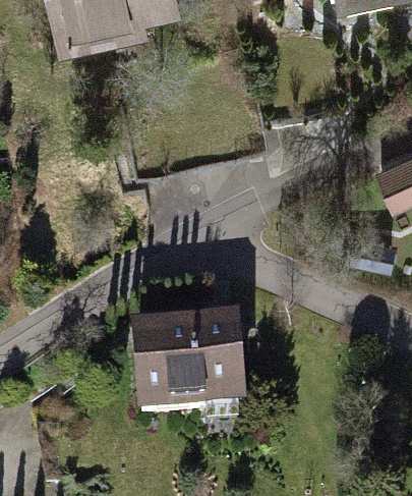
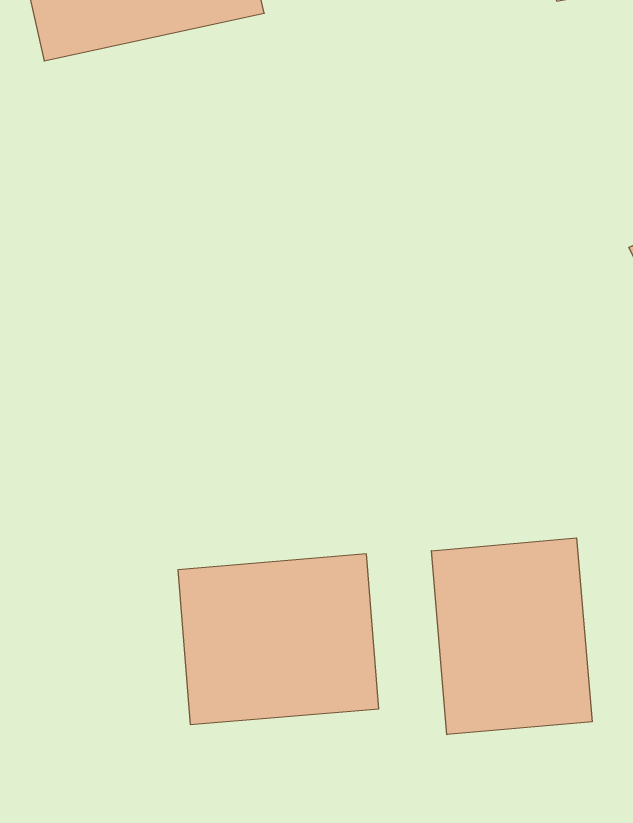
building: none -> [431,538,592,735]

